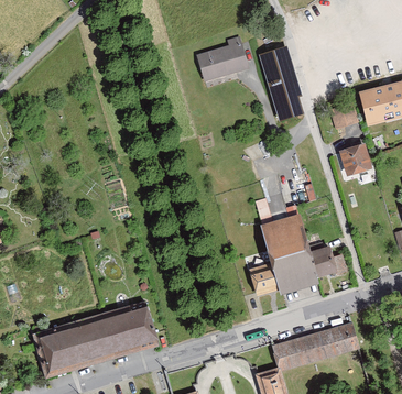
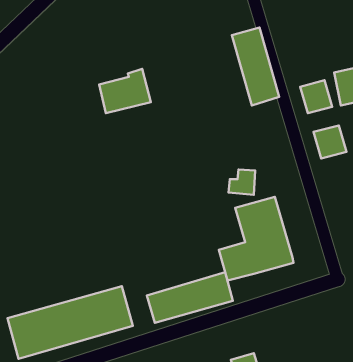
building: [196,36,248,80] -> [99,69,151,113]
building: [311,243,338,276] -> none
building: [272,321,358,372] -> [147,272,233,323]

